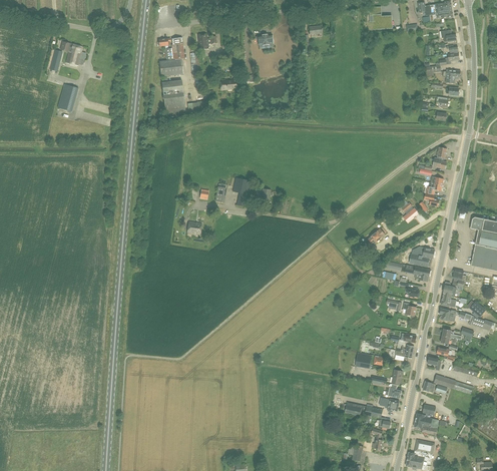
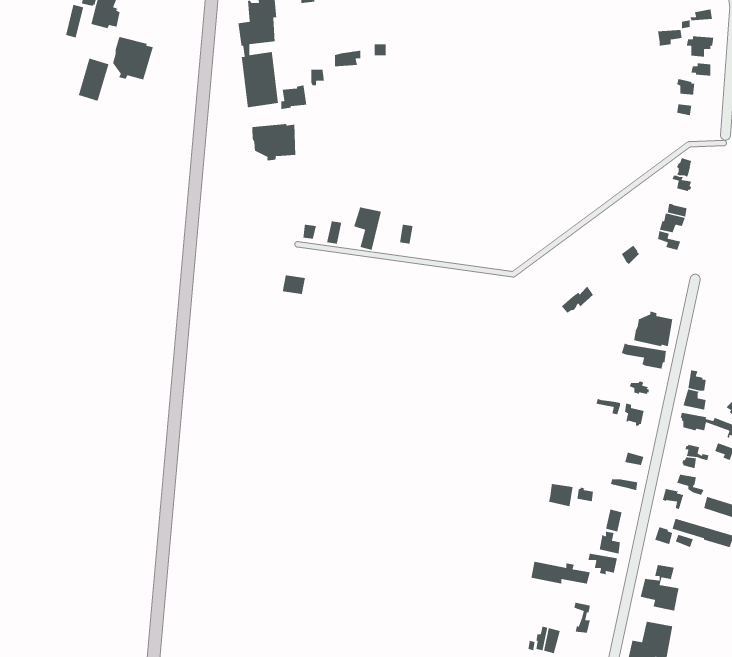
building: none -> [112,36,154,80]
building: none -> [252,123,296,161]

